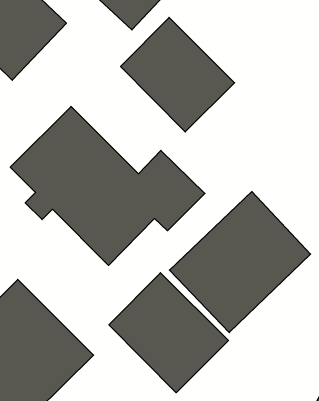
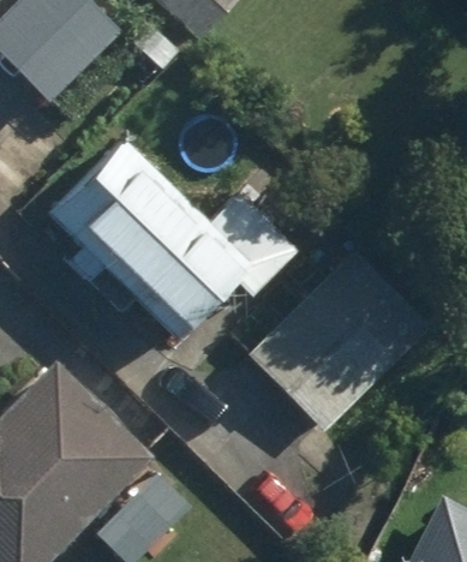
building: [121,17,235,132] -> none
building: [109,273,228,393] -> none

